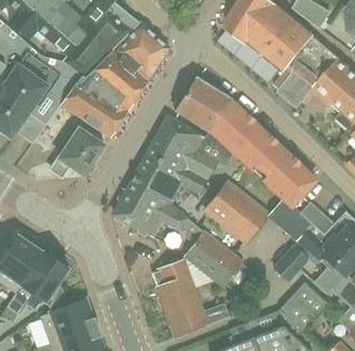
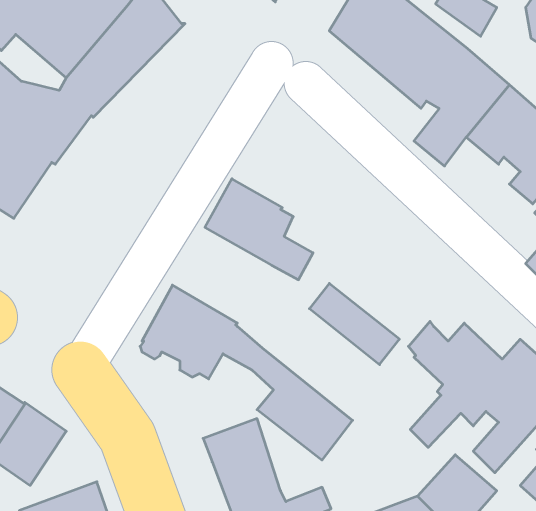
building: [61,20,169,137] -> none
building: [175,76,316,204] -> none
building: [50,125,103,176] -> none
building: [133,144,209,202] -> none
building: [203,193,259,244] -> none

